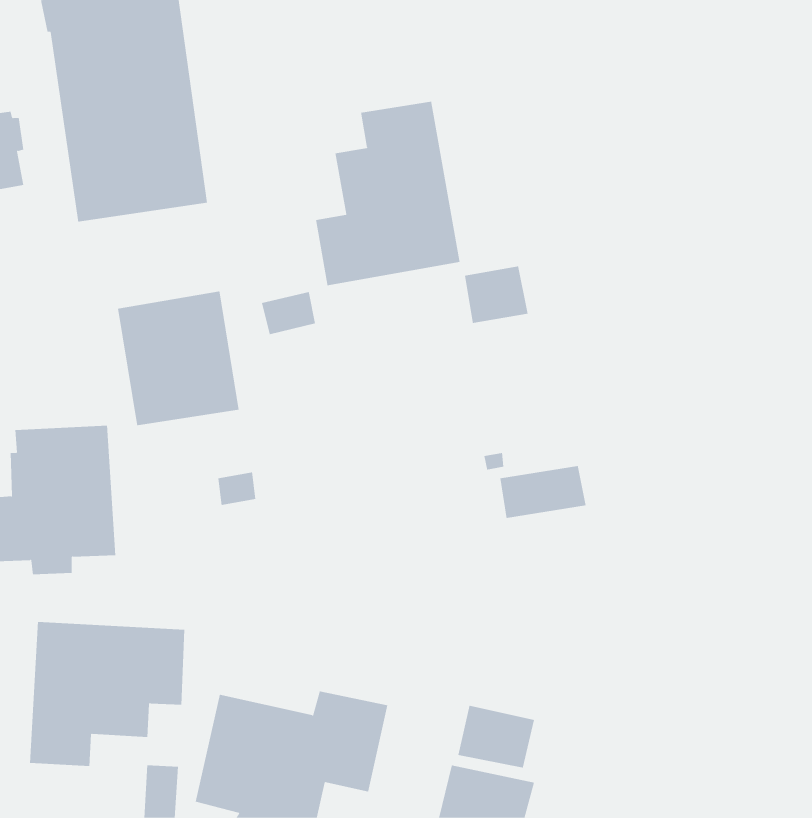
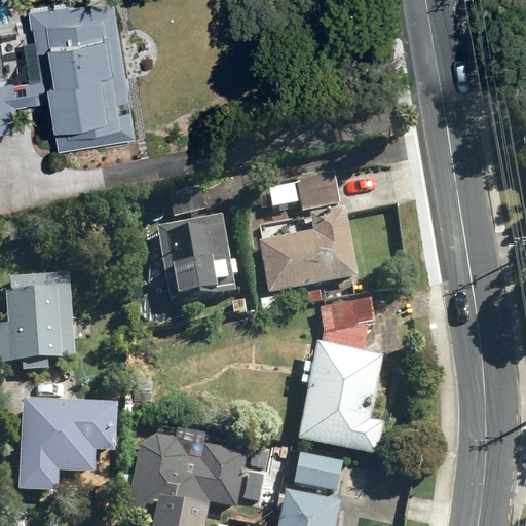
building: [316,101,460,286] -> none
building: [117,291,239,426] -> [158,213,236,299]
building: none -> [259,205,358,290]
building: none -> [299,340,383,452]

